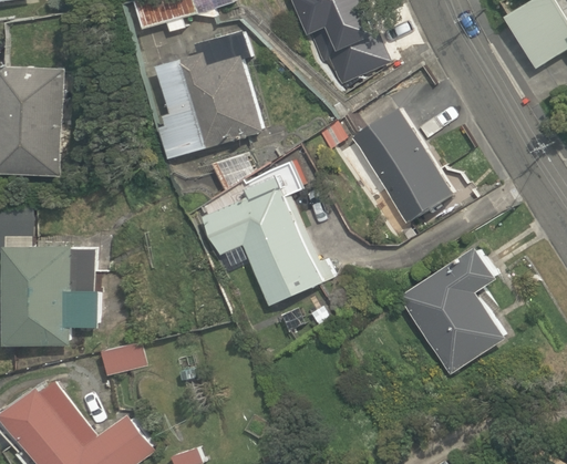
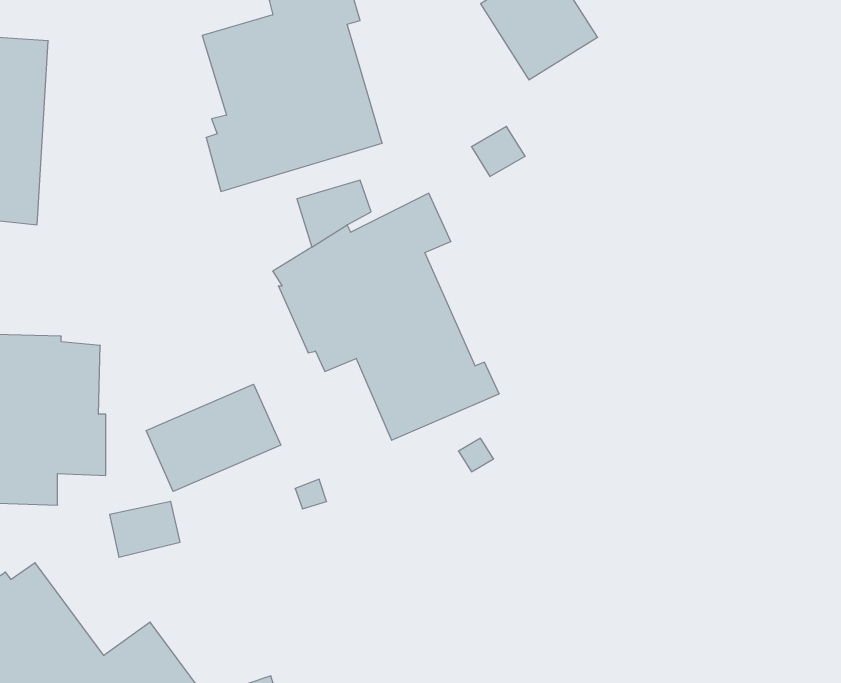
building: [350,104,456,223] -> none
building: [396,244,506,375] -> none
building: none -> [146,384,281,491]

